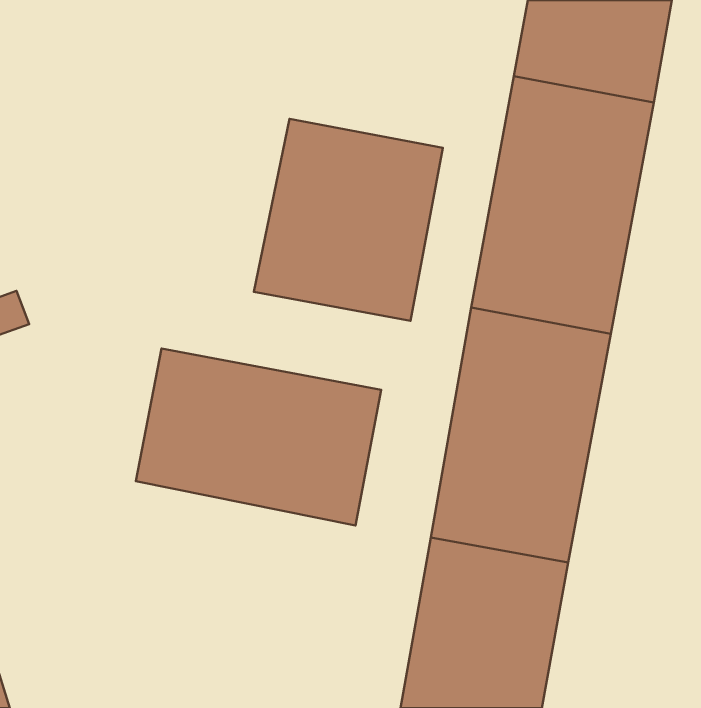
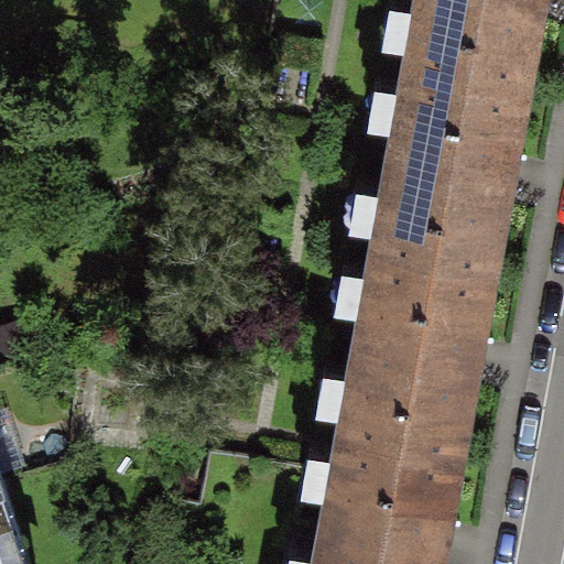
building: [254,119,443,321] -> none
building: [136,348,381,526] -> none

